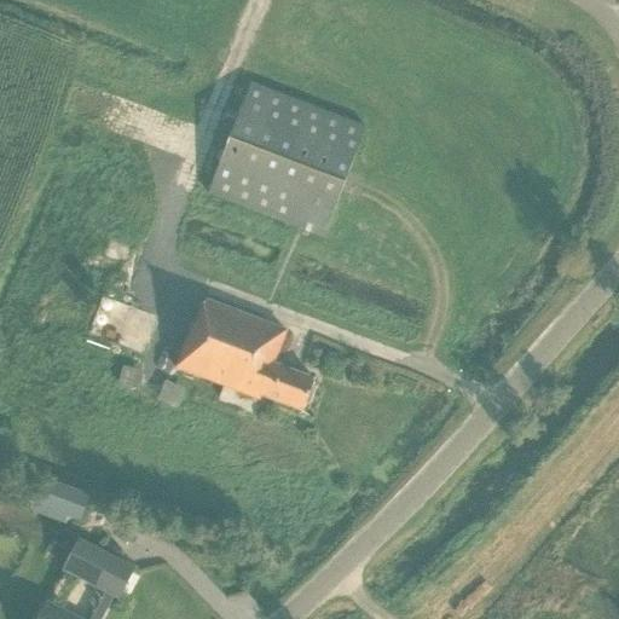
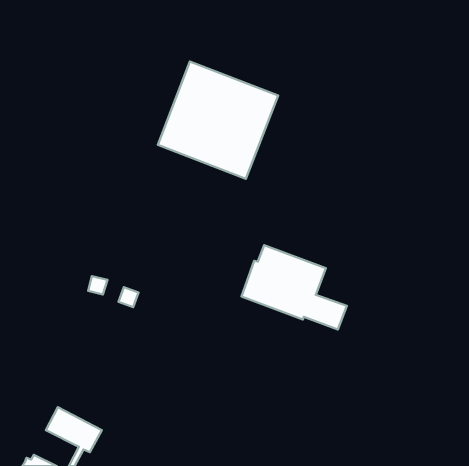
building: [175,297,314,409] -> [241,245,347,330]
building: [31,474,89,521] -> none

